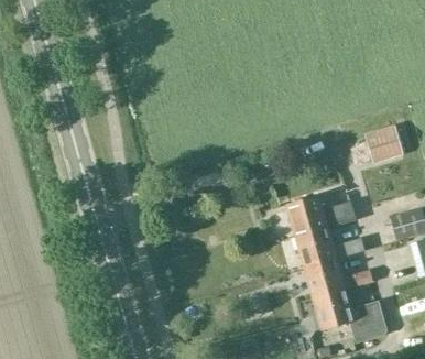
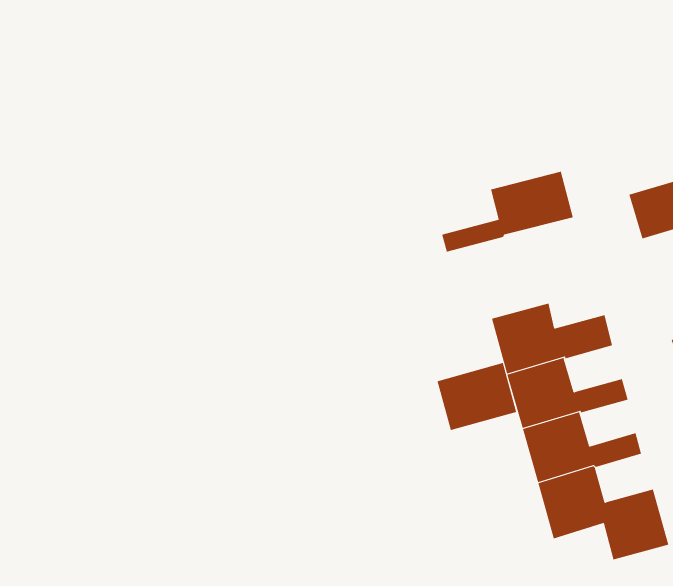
building: none -> [441,171,574,253]
building: none -> [437,362,517,431]

